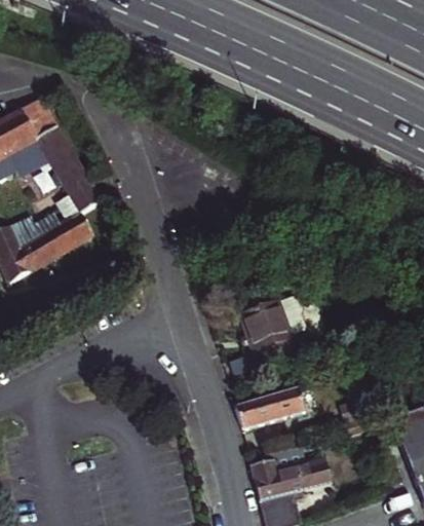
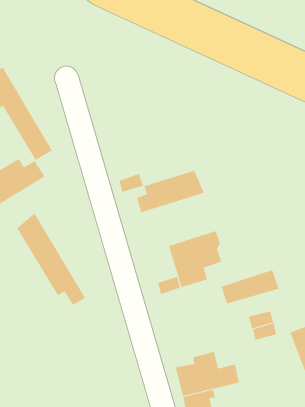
building: none -> [136,170,204,213]
building: none -> [17,212,86,305]
building: [235,385,307,427] -> [221,270,280,304]

